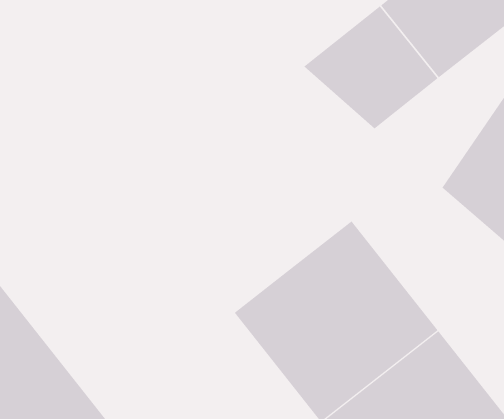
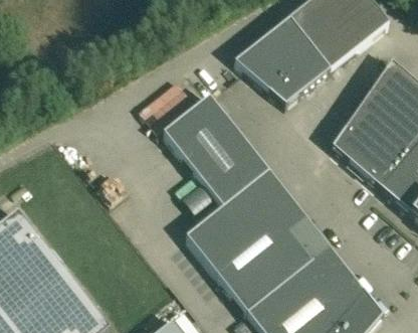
building: none -> [164,94,269,204]

